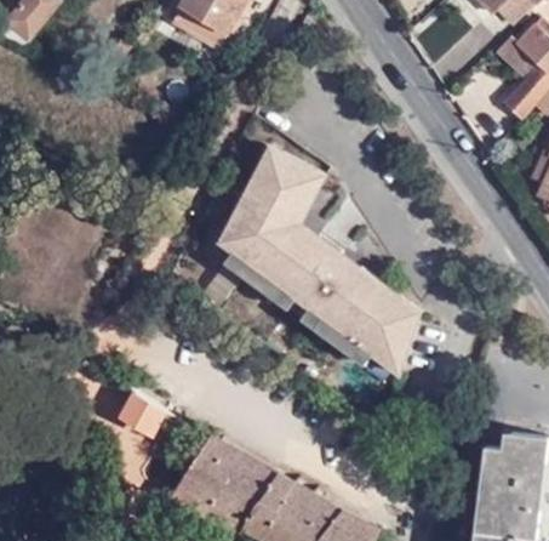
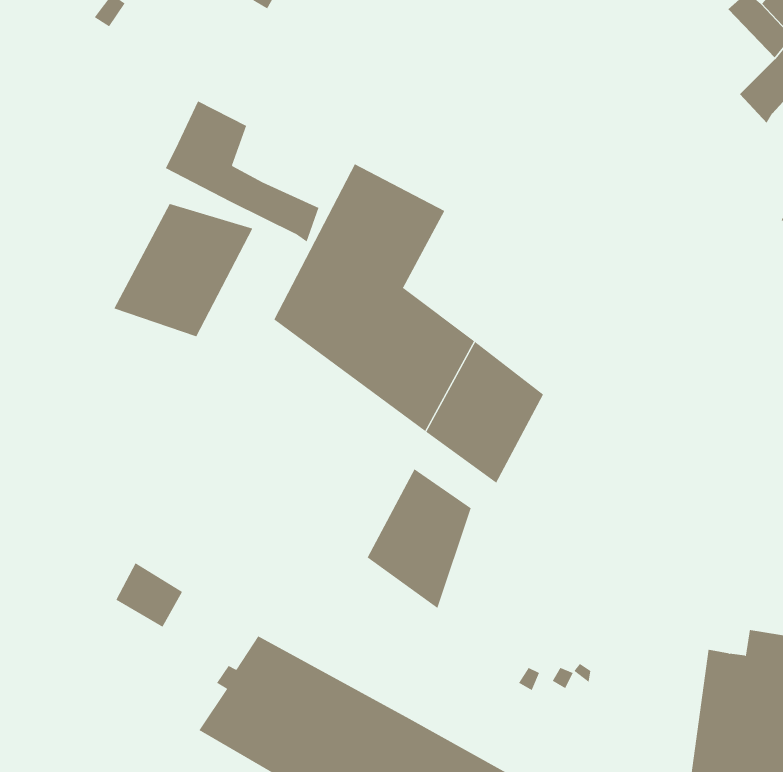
building: none -> [165,101,319,243]
building: none -> [114,203,253,337]
building: [355,287,419,374] -> [367,469,472,609]

